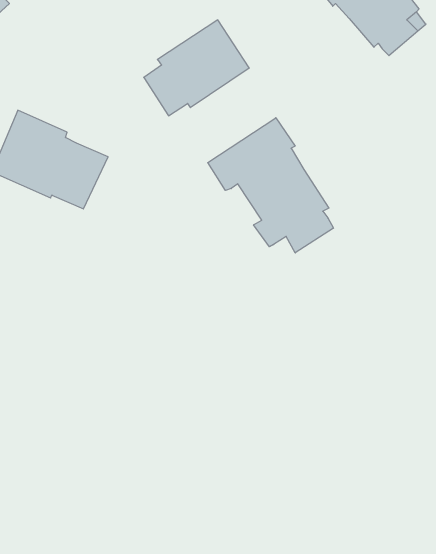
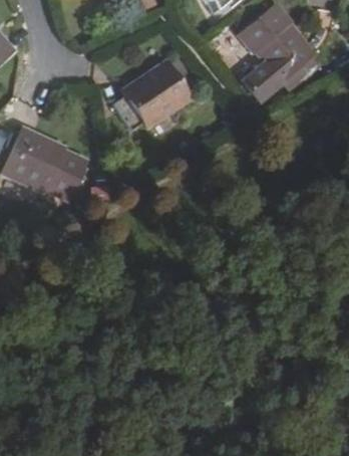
building: none -> [239,59,288,105]
building: [208,118,333,253] -> none

